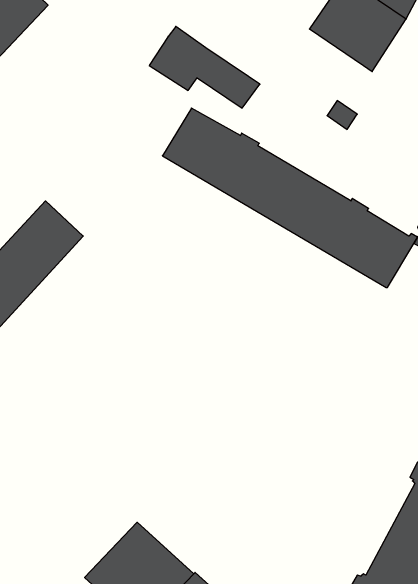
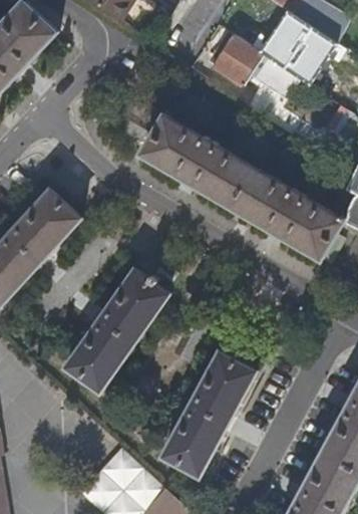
building: [149,26,260,108] -> [214,36,302,101]
building: none -> [65,267,168,388]
building: none -> [160,350,254,475]

